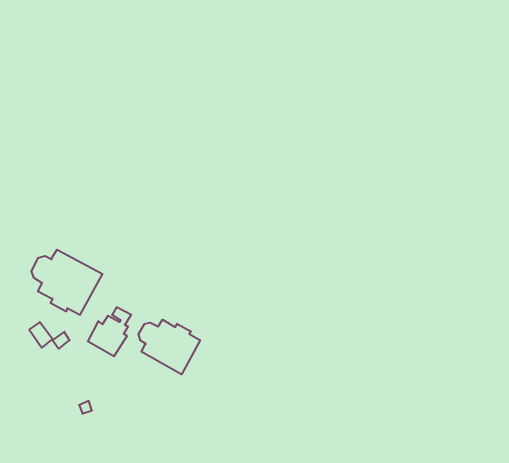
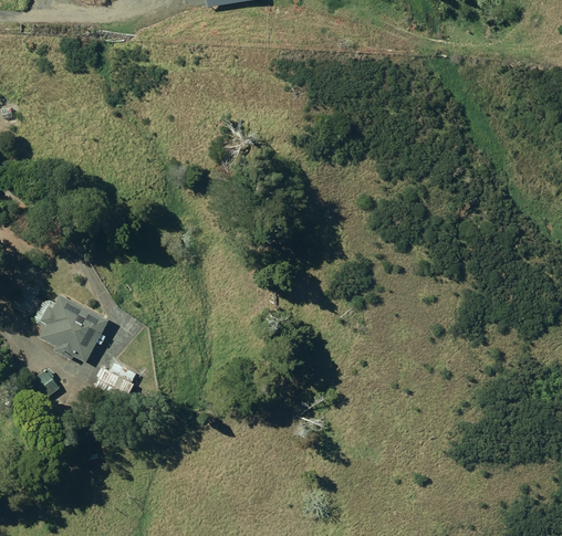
building: [138,320,200,374] -> none

